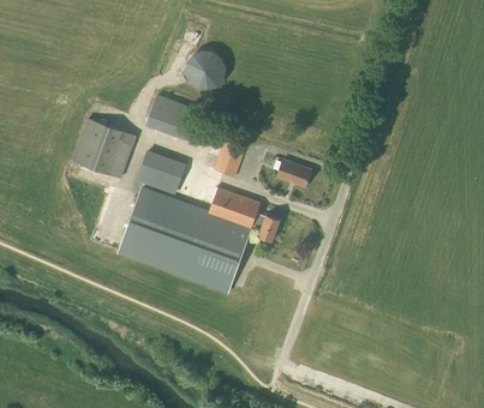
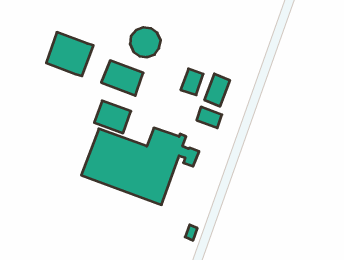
building: none -> [205,74,230,106]
building: [72,118,137,178] -> [46,32,93,76]
building: [214,140,245,176] -> [181,69,203,95]

